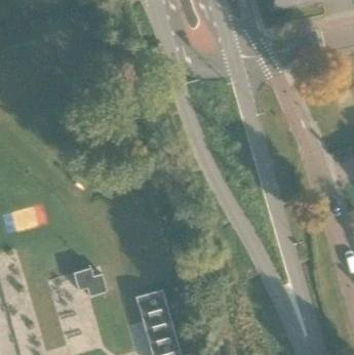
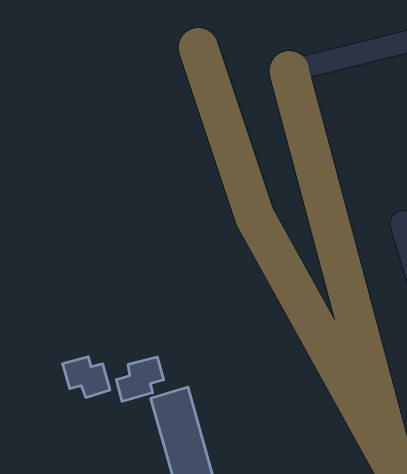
building: none -> [116,357,164,401]

